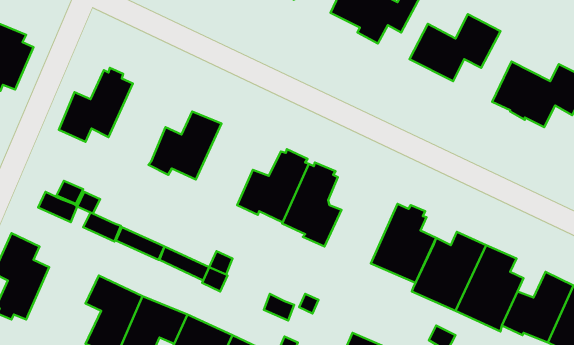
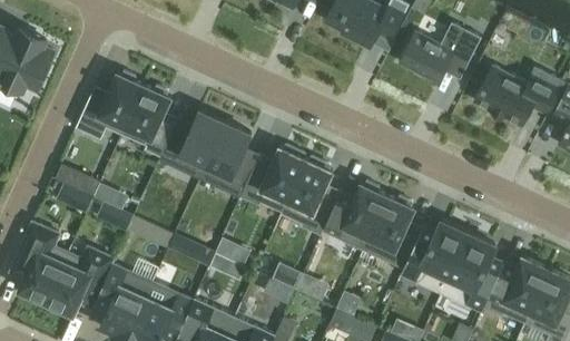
building: none -> [122,85,177,156]
building: none -> [203,121,256,197]
building: none -> [321,182,387,254]
building: none -> [47,247,115,316]

